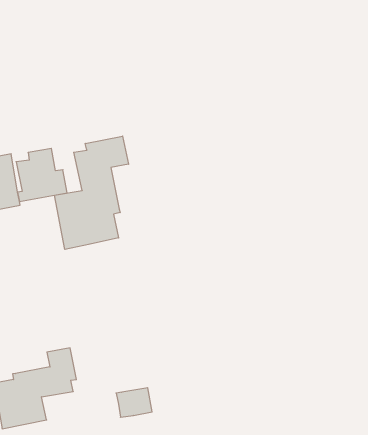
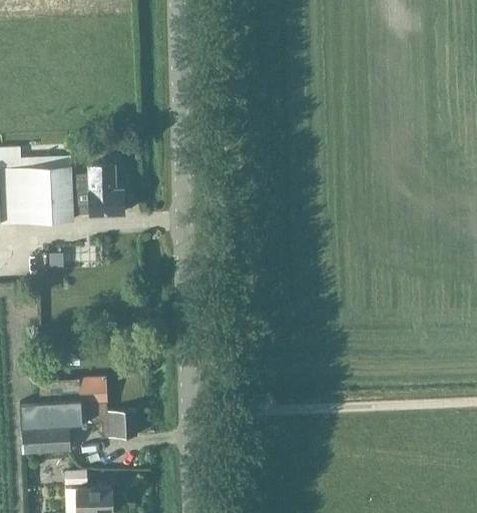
building: [55,136,129,249] -> none
building: [116,388,152,417] -> [101,411,136,438]

